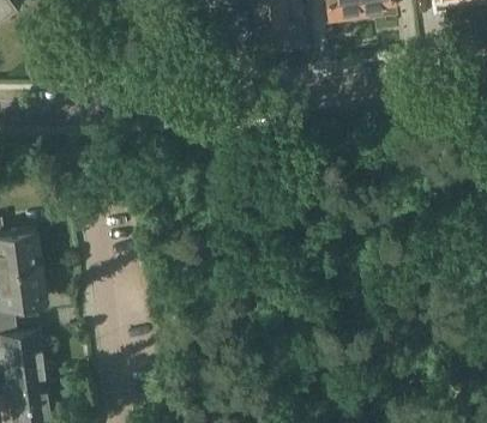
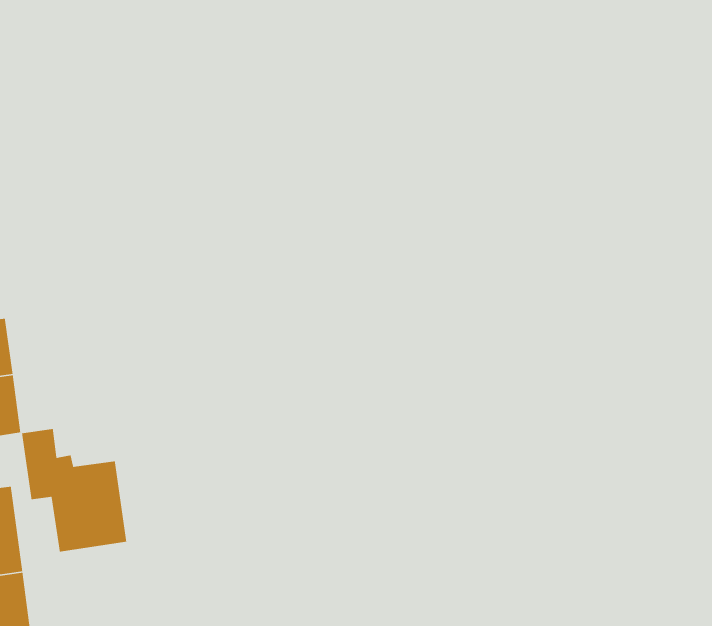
building: none -> [21,428,127,552]

